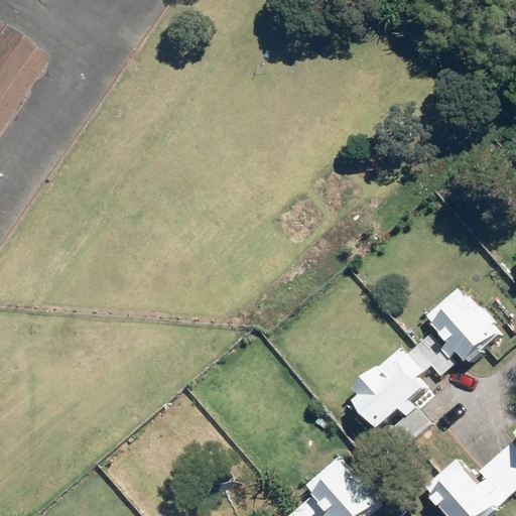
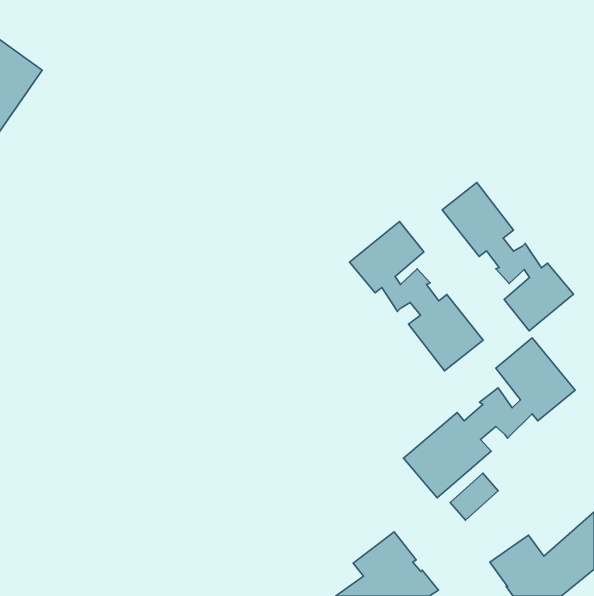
building: none -> [442,183,573,331]
building: none -> [350,221,483,371]

